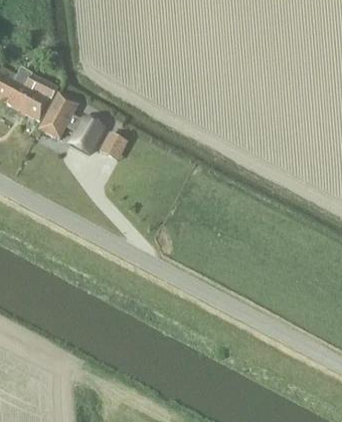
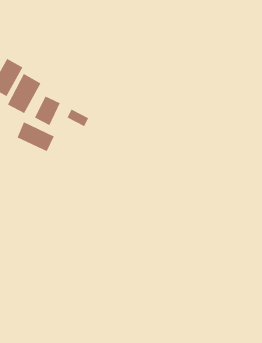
building: none -> [16,121,55,152]

